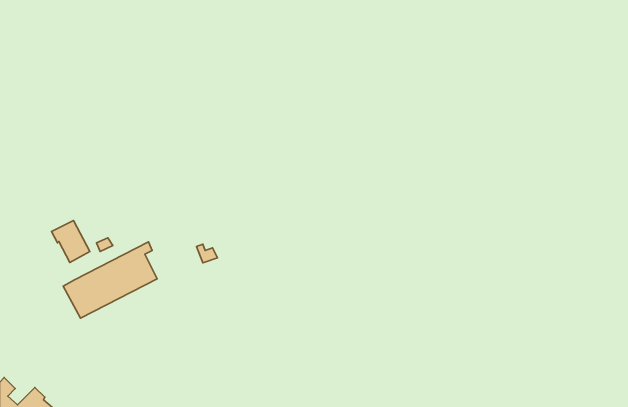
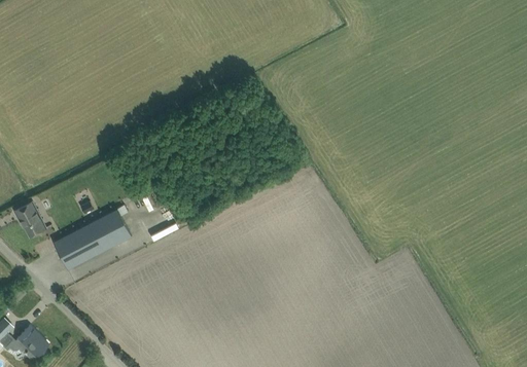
building: [51,220,90,262] -> [14,203,46,237]

